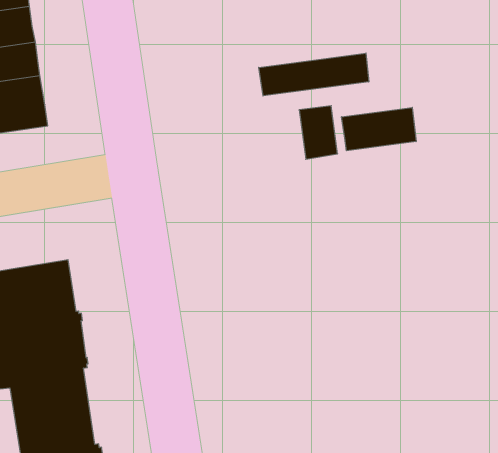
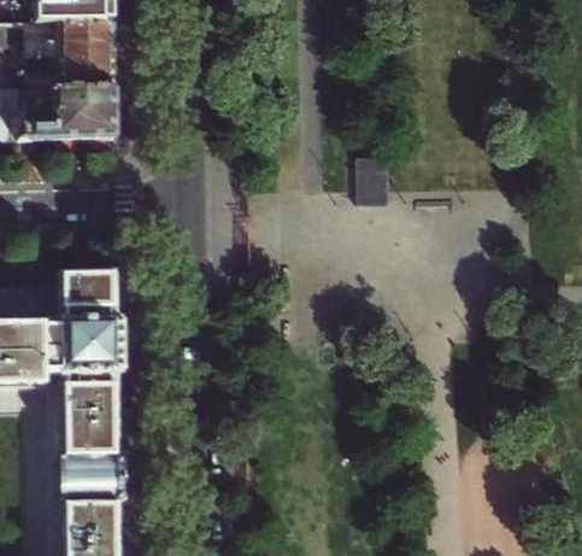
building: [259,53,369,96] -> none
building: [342,107,416,151] -> none

